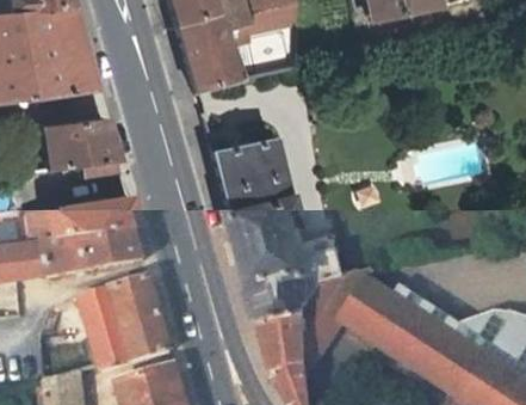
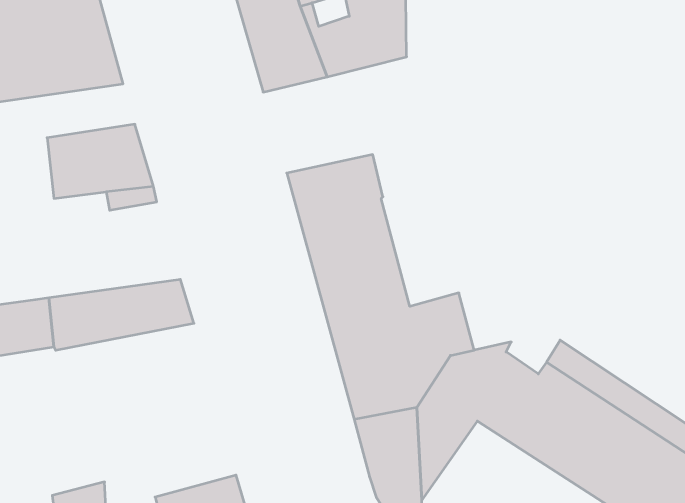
building: [31,195,137,240] -> none
building: [82,276,173,372] -> none

